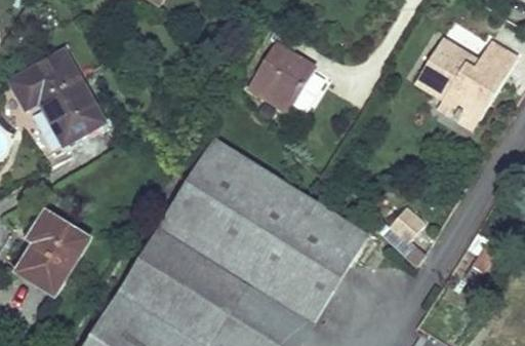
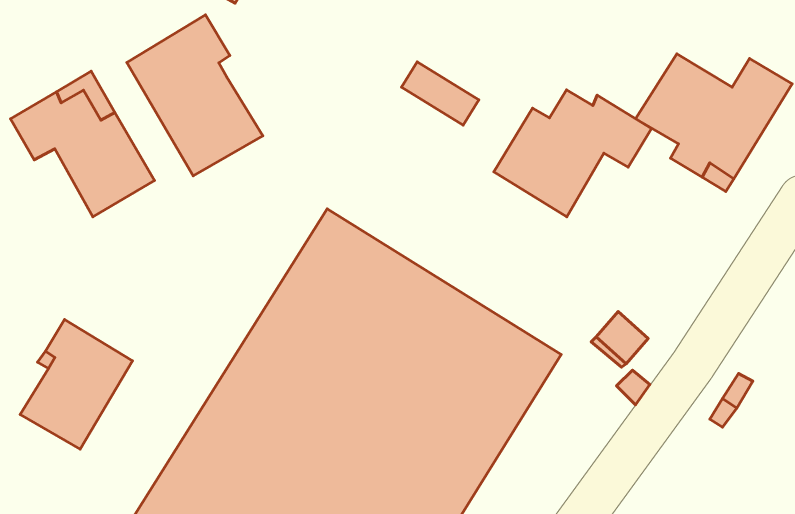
building: none -> [127,15,263,176]
building: [248,60,304,111] -> none
building: none -> [494,90,652,217]

